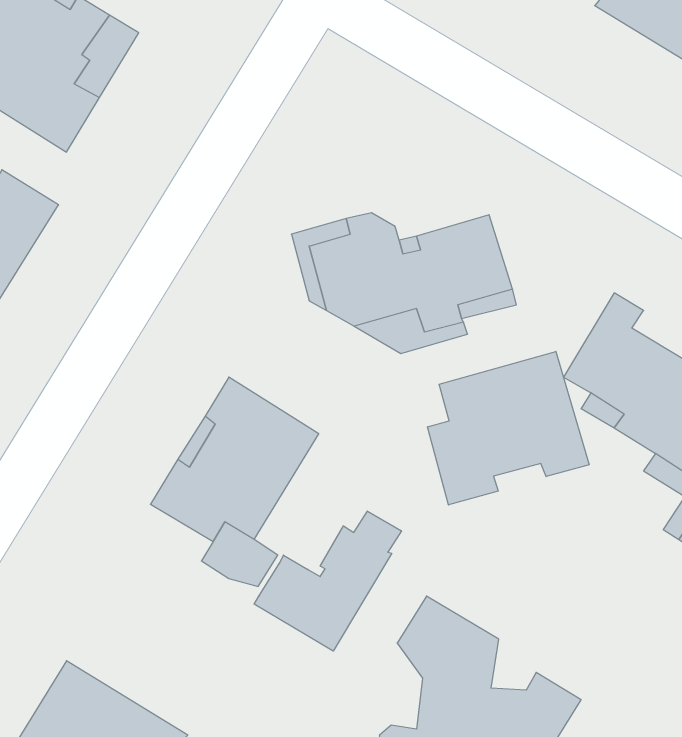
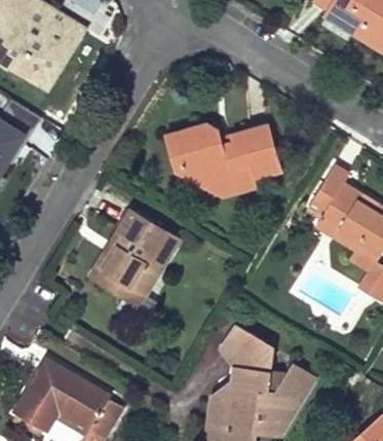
building: [428,351,589,505] -> none
building: [254,511,401,651] -> none

